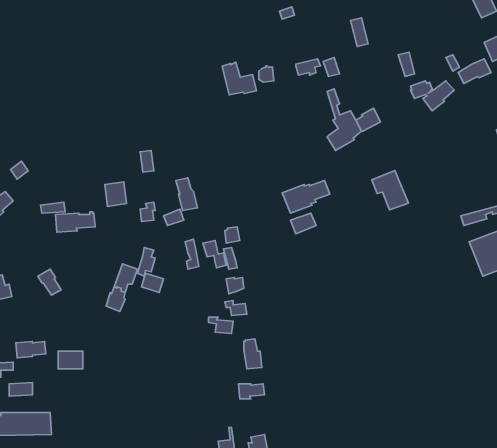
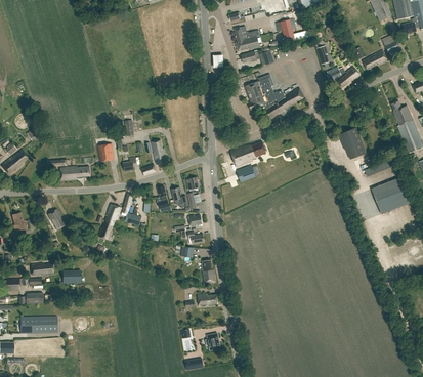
building: [222,62,256,95] -> [235,27,260,51]
building: none -> [245,76,272,111]
building: [372,170,409,210] -> [339,128,367,158]

